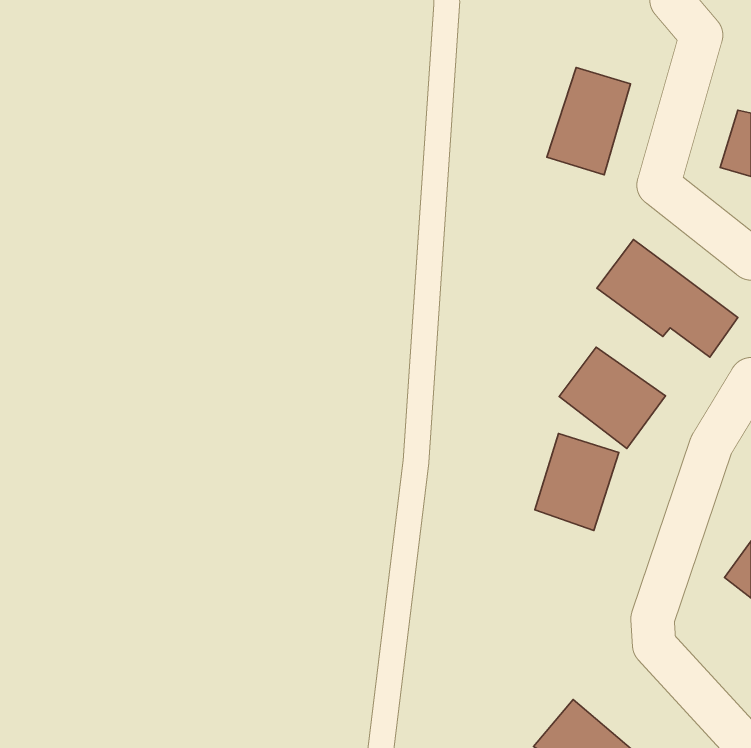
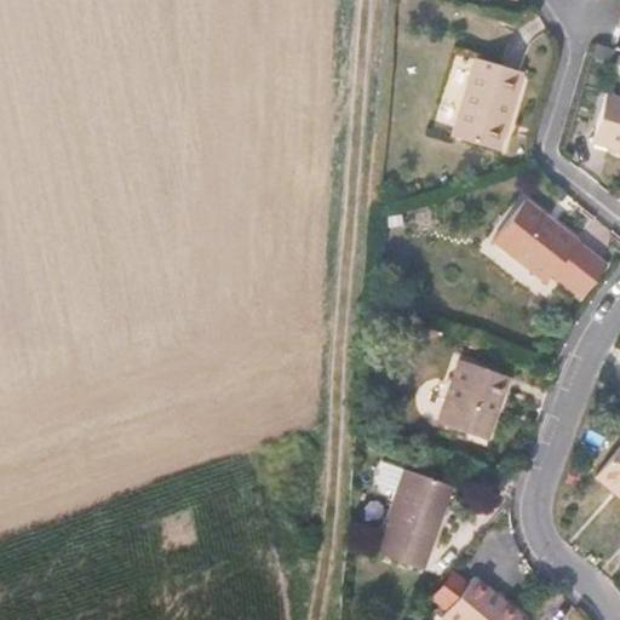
building: [559,347,666,448] -> none
building: none -> [378,469,452,566]

